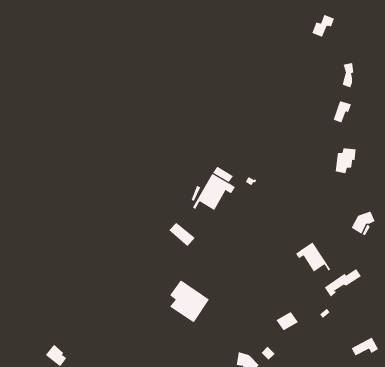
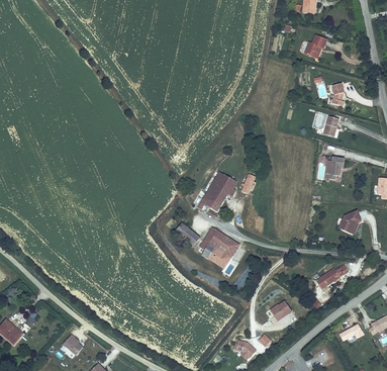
building: [295,242,331,273] -> none
building: [169,279,210,323] -> [200,228,236,268]

